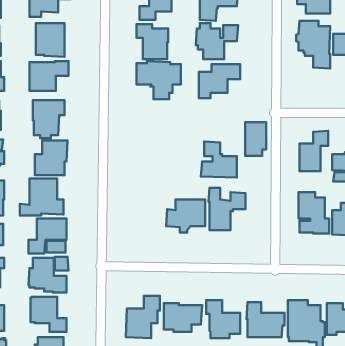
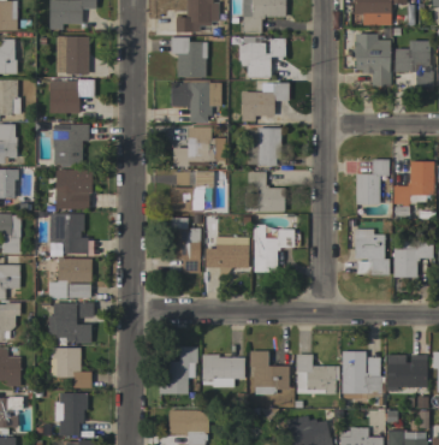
building: none -> [173,124,226,166]
building: [245,122,266,156] -> [257,127,281,166]
building: none -> [170,171,213,210]
building: none -> [167,216,201,273]

